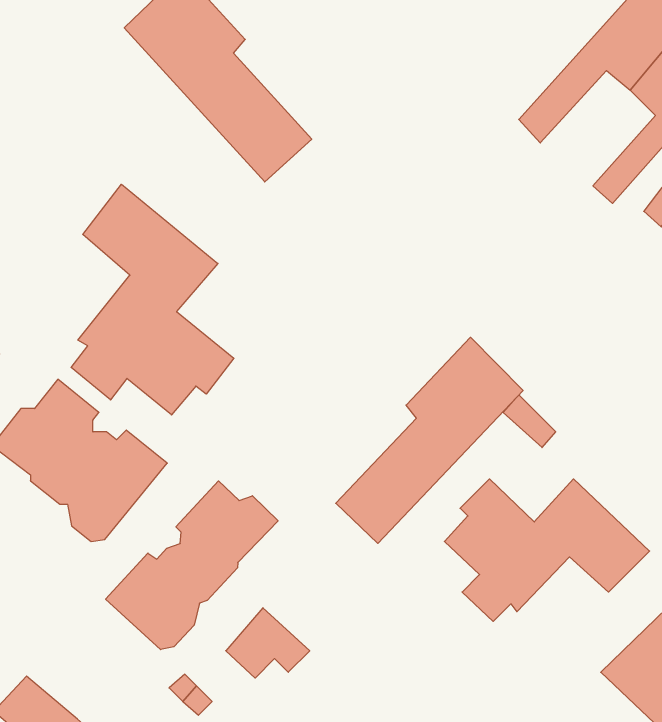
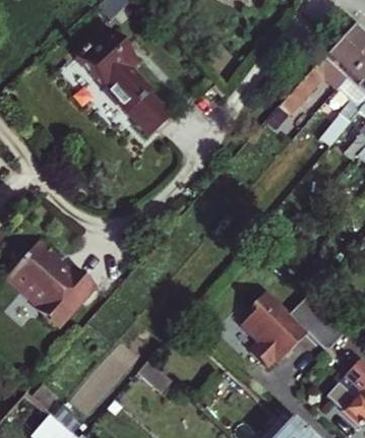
building: [71,184,234,415] -> none
building: [336,337,523,543] -> none
building: [106,481,278,650] -> none

